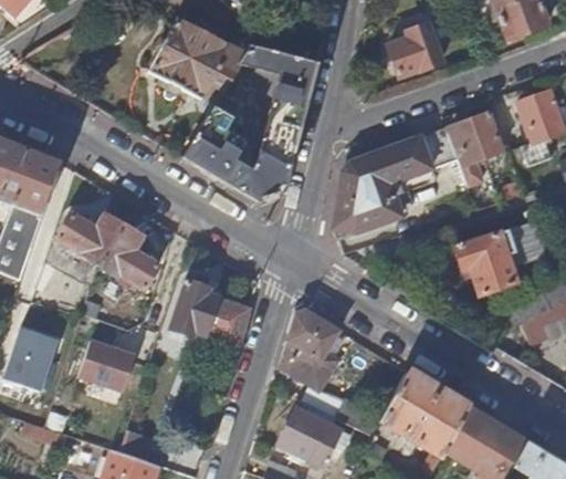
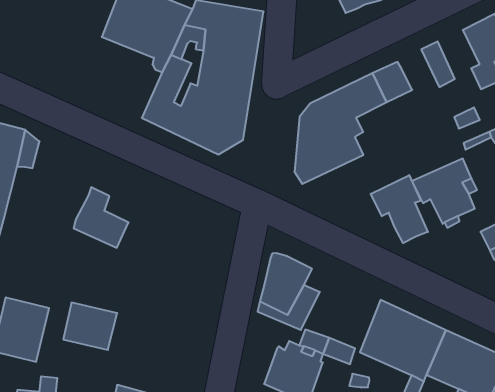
building: [450,117,486,185] -> none
building: [56,209,123,262] -> none
building: none -> [371,175,428,243]
building: [172,277,250,341] -> none

